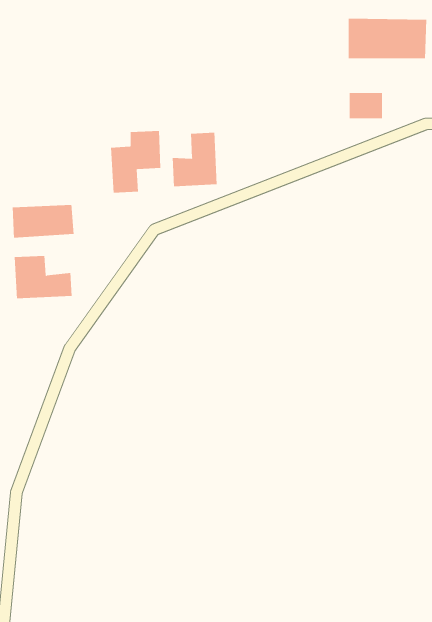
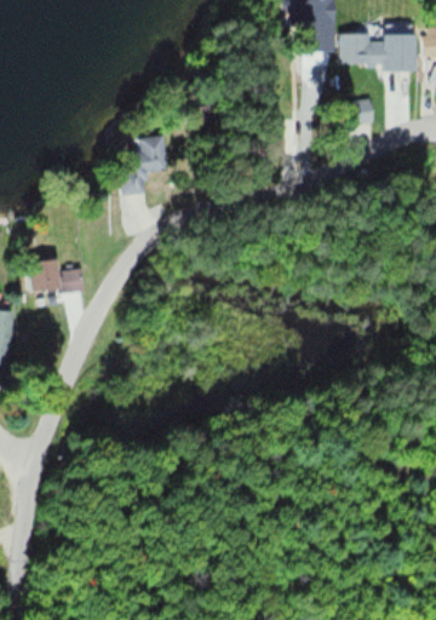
building: [172,132,217,187] -> none
building: [12,204,74,238] -> none

